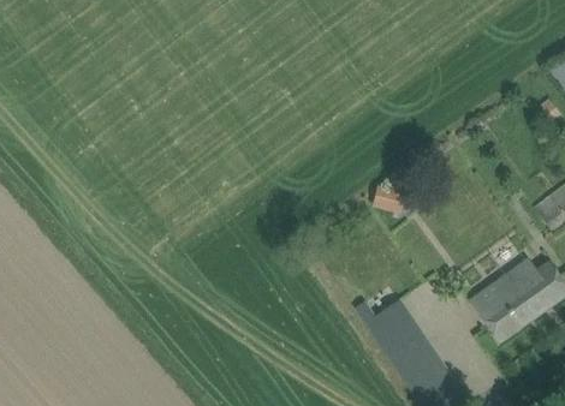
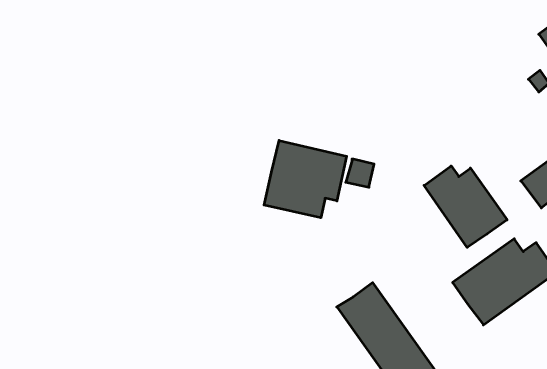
building: none -> [264,140,347,218]
building: none -> [424,166,507,247]

